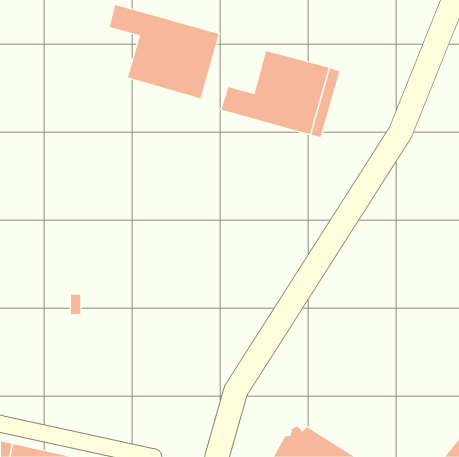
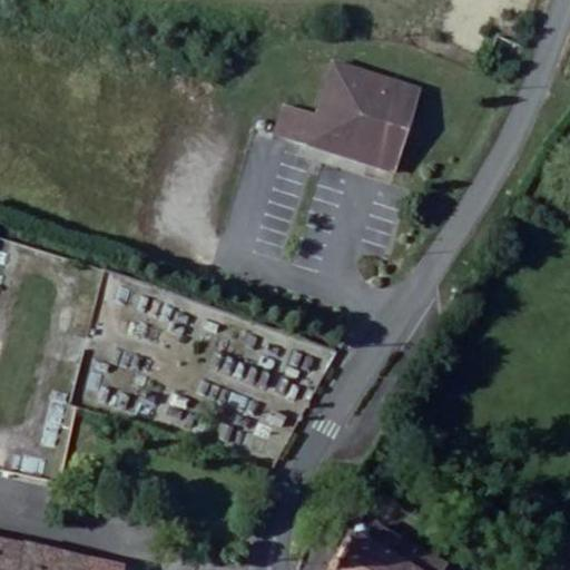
building: [109,4,219,99] -> none

